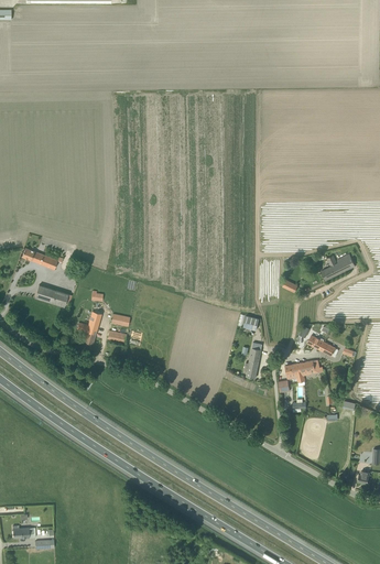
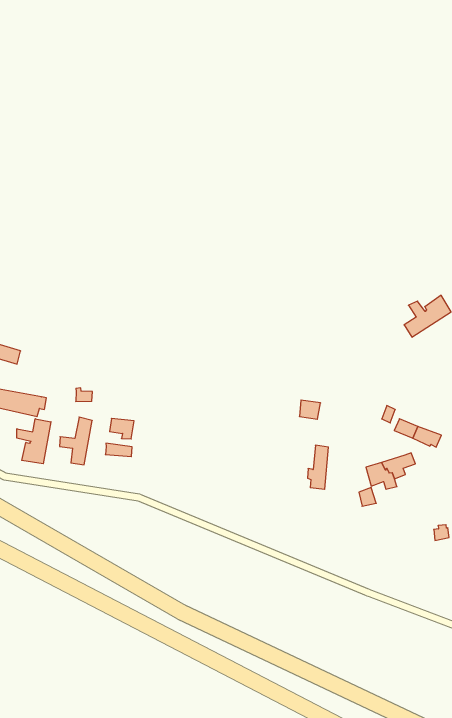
building: none -> [17,419,51,464]

